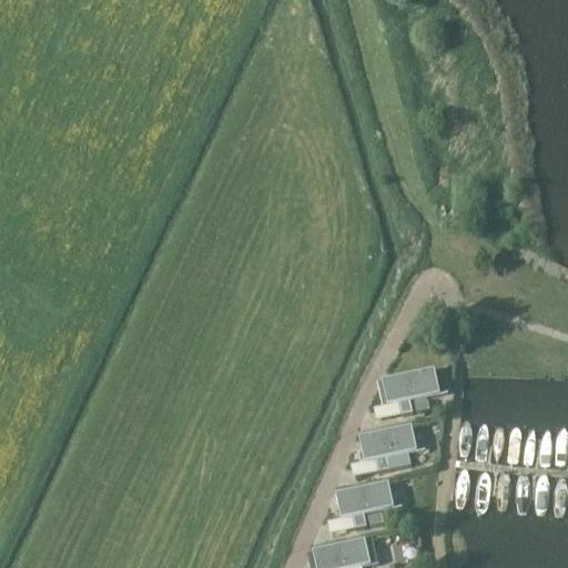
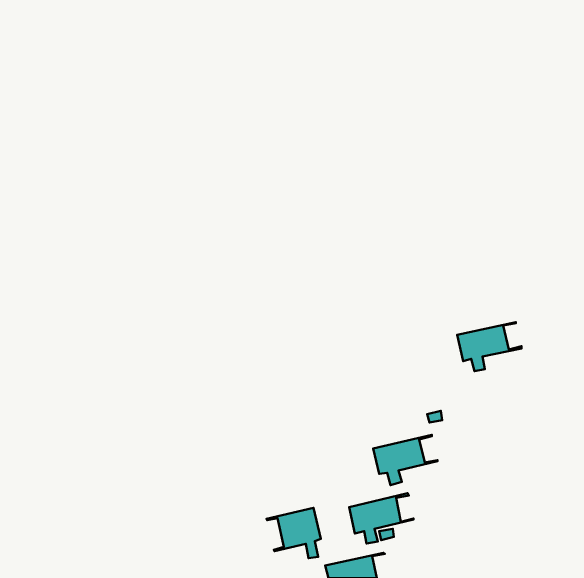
building: [385,365,447,413] -> [457,322,521,371]
building: none -> [266,508,321,558]

